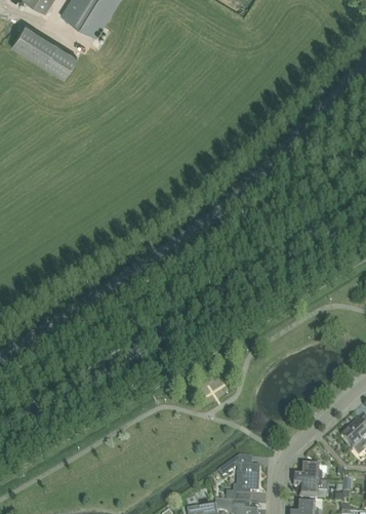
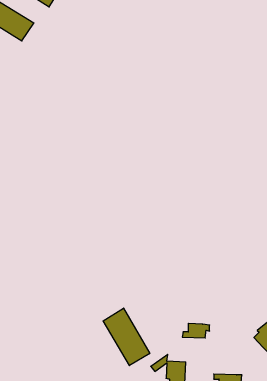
building: none -> [103,308,150,366]
building: [293,464,326,481] -> [182,323,210,338]

